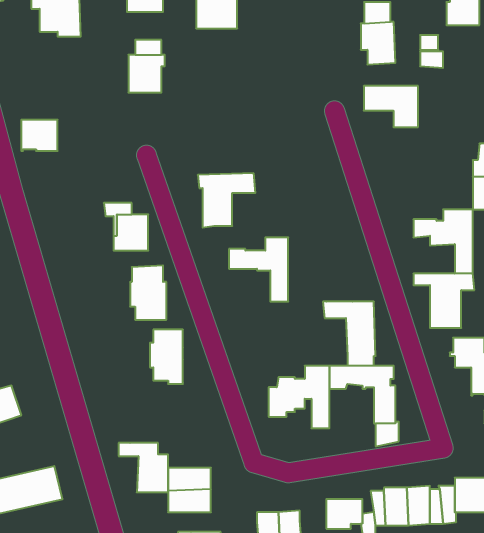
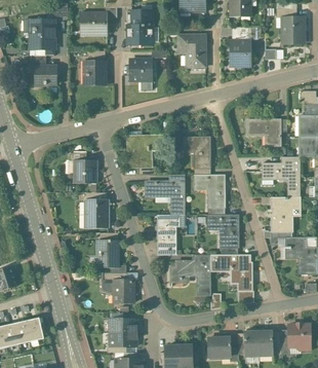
building: none -> [177,35,205,67]
building: none -> [128,60,152,80]
building: [364,86,418,127] -> [246,120,280,146]
building: [21,120,58,151] -> [34,66,56,85]
building: none -> [184,138,209,169]
building: none -> [193,175,225,209]
building: none -> [157,215,175,255]
building: [119,443,168,492] -> [102,272,132,303]

